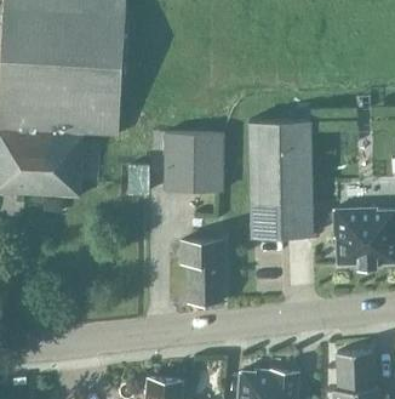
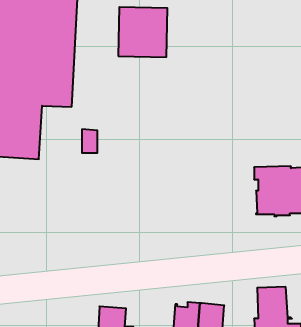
building: [248,119,313,235] -> none
building: [165,133,223,193] -> [118,7,167,57]
building: [178,241,221,303] -> none

